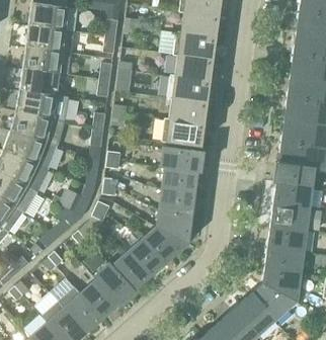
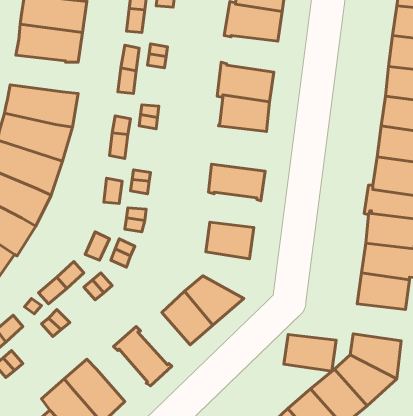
building: [175,55,212,81] -> none
building: [20,69,60,95] -> none
building: [162,117,203,147] -> none
building: [163,167,196,192] -> none
building: [158,209,191,243] -> none
building: [265,247,303,273] -> [284,334,336,371]
building: [111,253,149,290] -> none
building: [82,279,118,317] -> none

